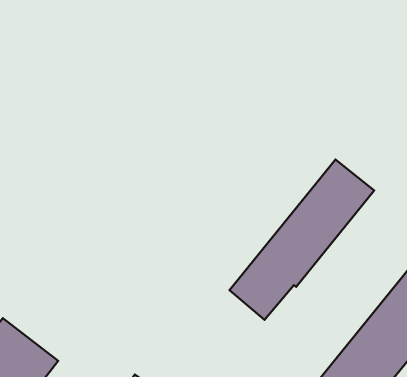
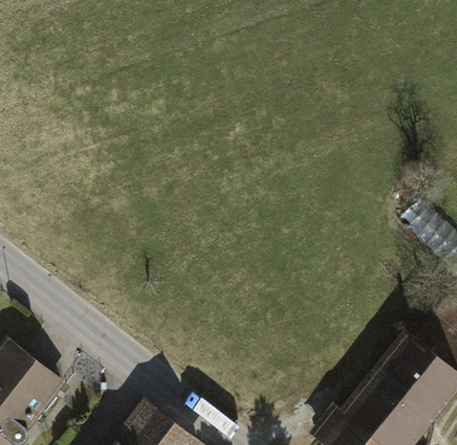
building: [229,159,374,320] -> none

